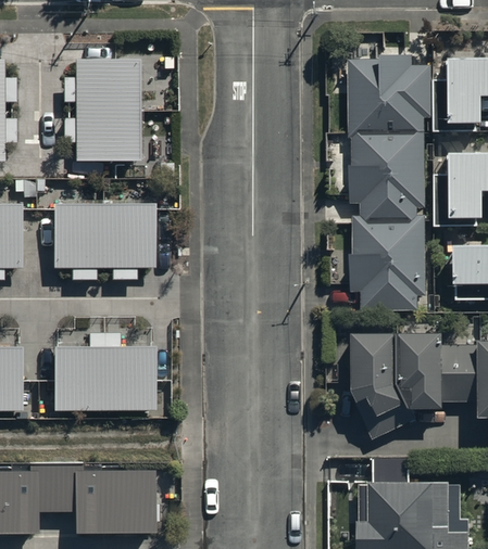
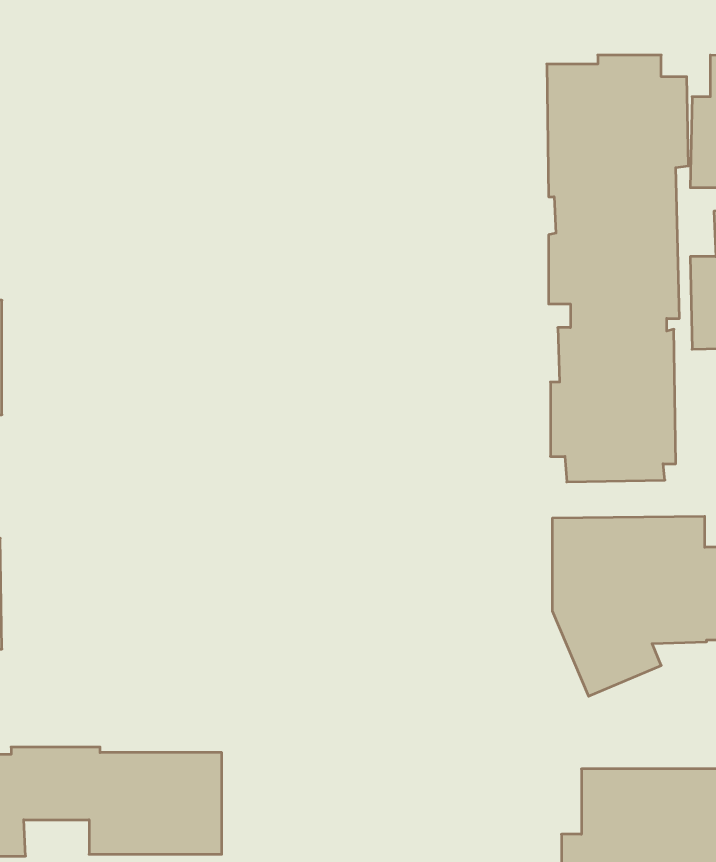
building: [62,59,137,161] -> none
building: [50,201,152,281] -> none
building: [52,332,153,413] -> none

